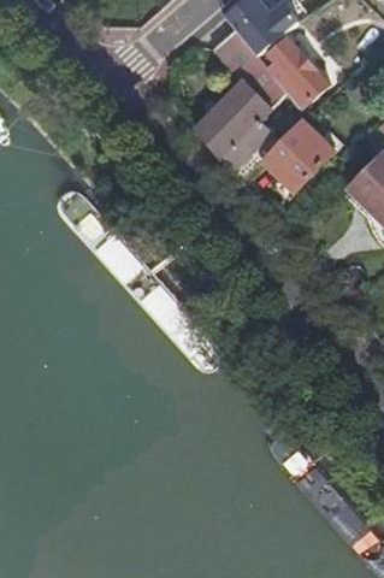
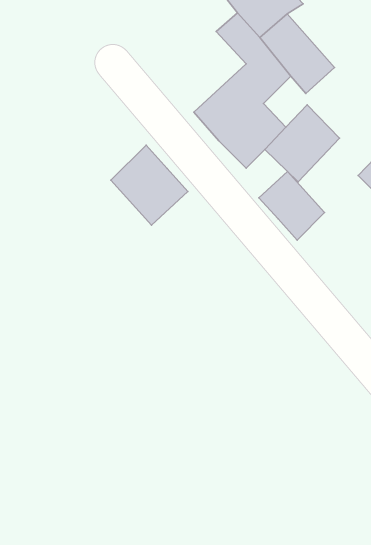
building: none -> [111,145,188,225]
building: none -> [259,171,325,240]

